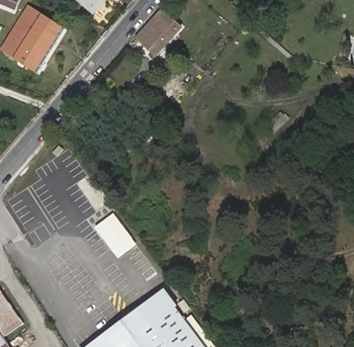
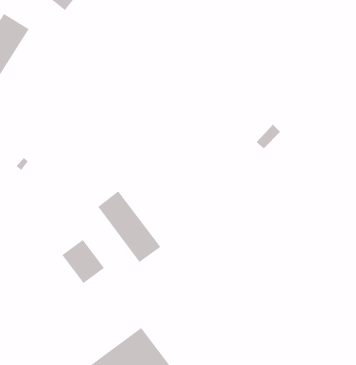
building: [138,9,182,54] -> none
building: none -> [97,191,161,263]

